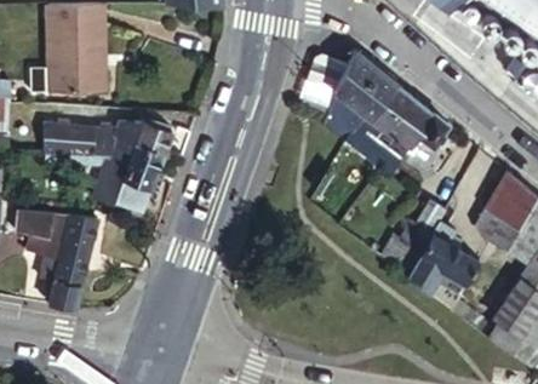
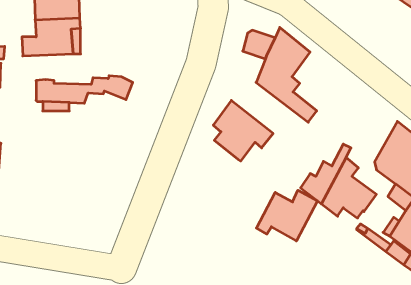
building: [377,85,453,162] -> [213,100,273,161]
building: [95,134,165,202] -> none
building: [12,208,96,306] -> none
building: none -> [256,190,317,241]

